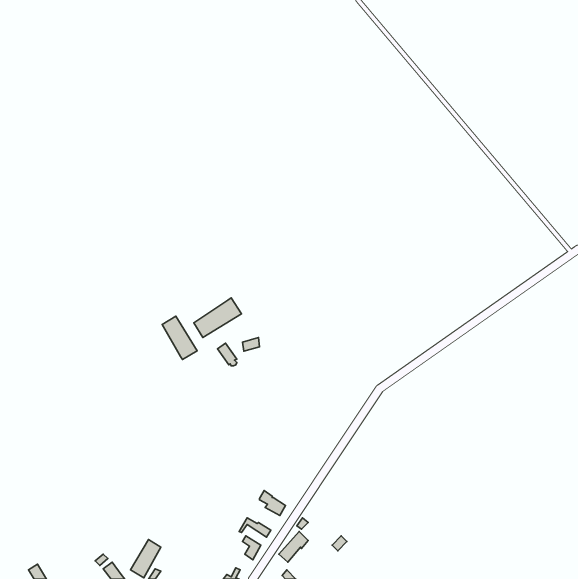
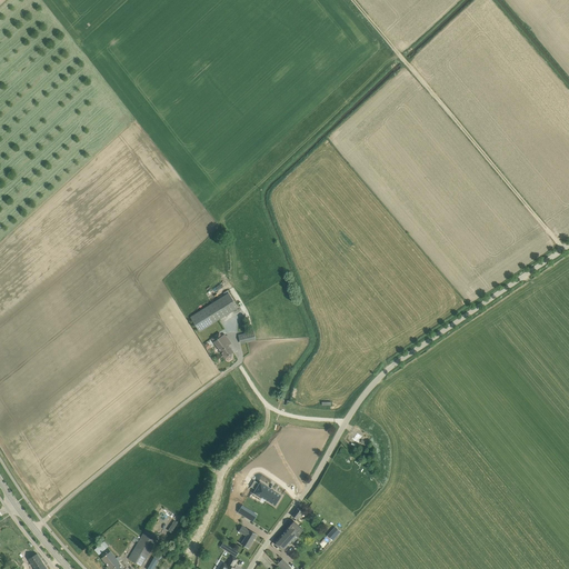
building: [162,316,197,360] -> none

